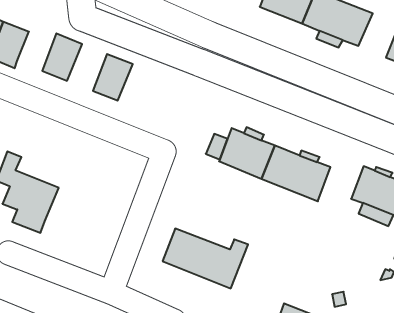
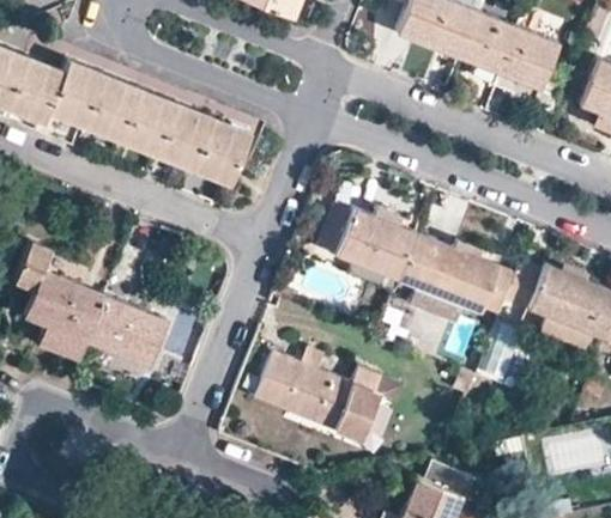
building: none -> [48,60,104,127]
building: none -> [120,89,177,156]
building: none -> [193,117,250,184]
building: none -> [87,295,170,368]

